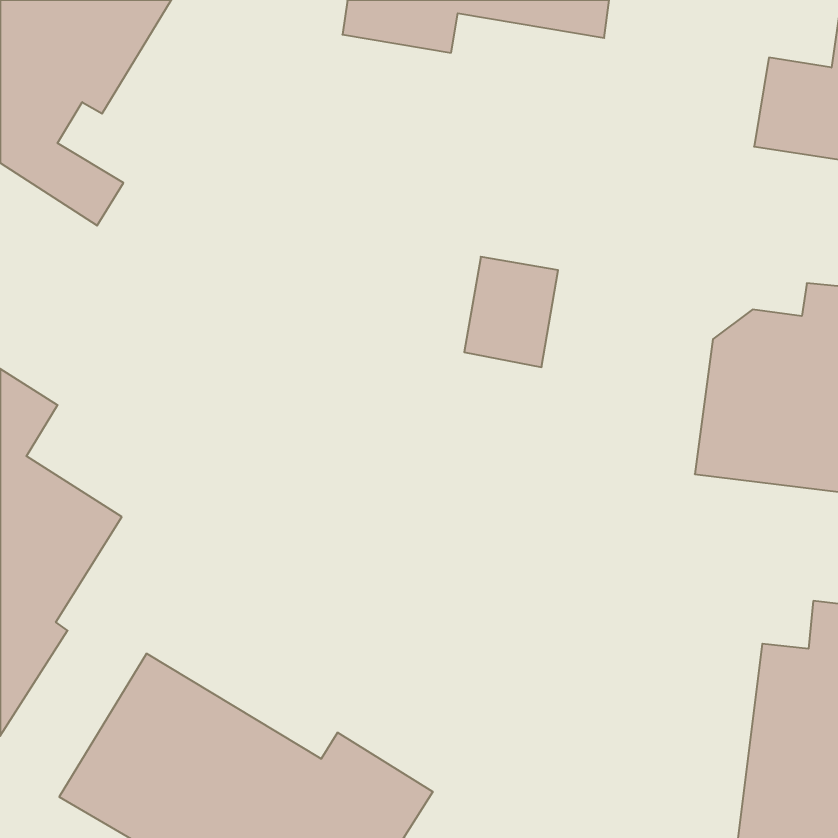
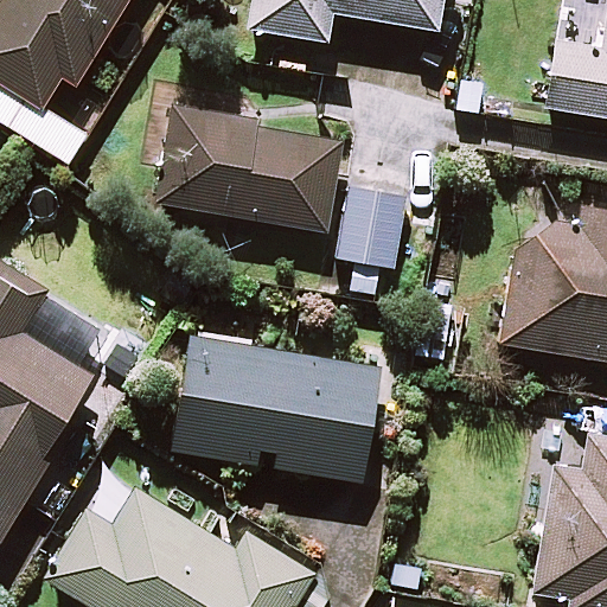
building: none -> [158,109,343,231]
building: none -> [171,337,379,479]

